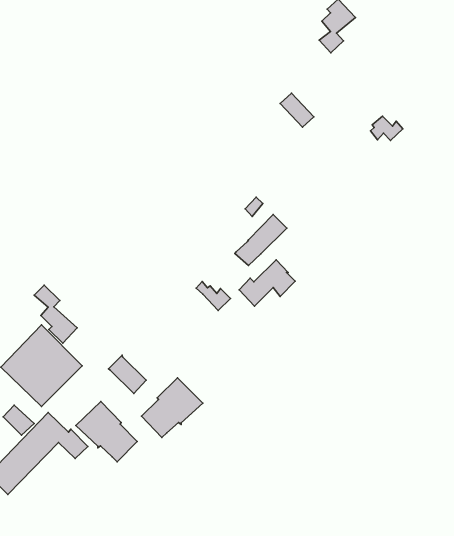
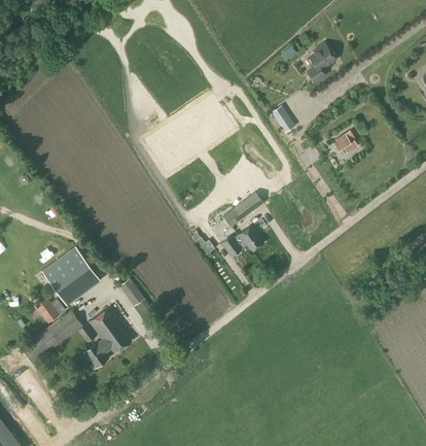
building: [34,285,77,343] -> none
building: [142,378,203,438] -> none
building: none -> [84,340,112,369]

